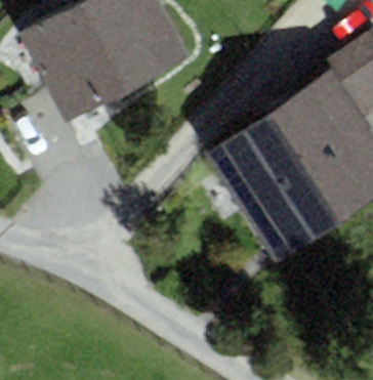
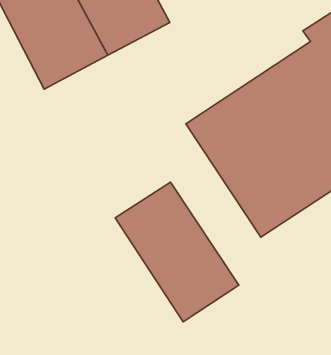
building: none -> [115,182,239,322]

